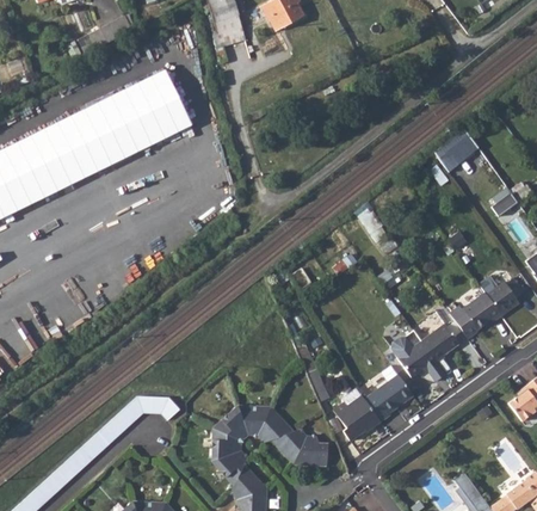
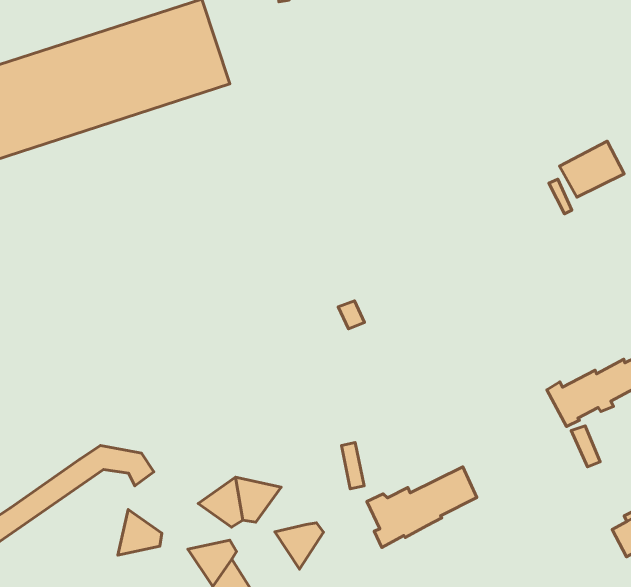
building: [396,322,458,380] -> none
building: [257,407,292,442] -> none
building: [211,427,240,461] -> [118,510,162,555]
building: [292,435,327,464] -> none

